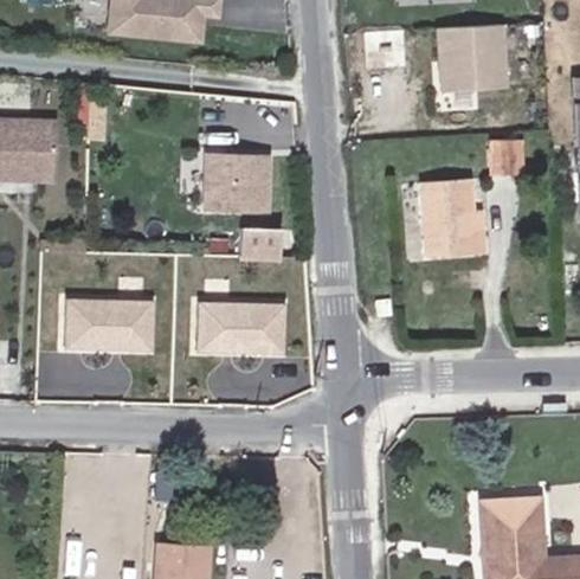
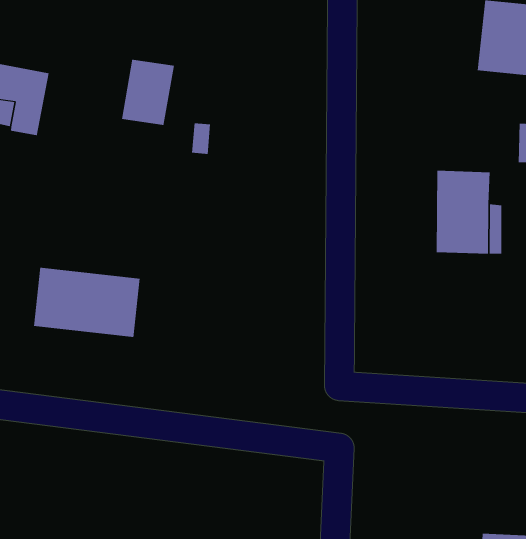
building: [218,156,262,213] -> [121,59,175,125]
building: [246,224,292,259] -> none
building: [198,301,290,356] -> none

